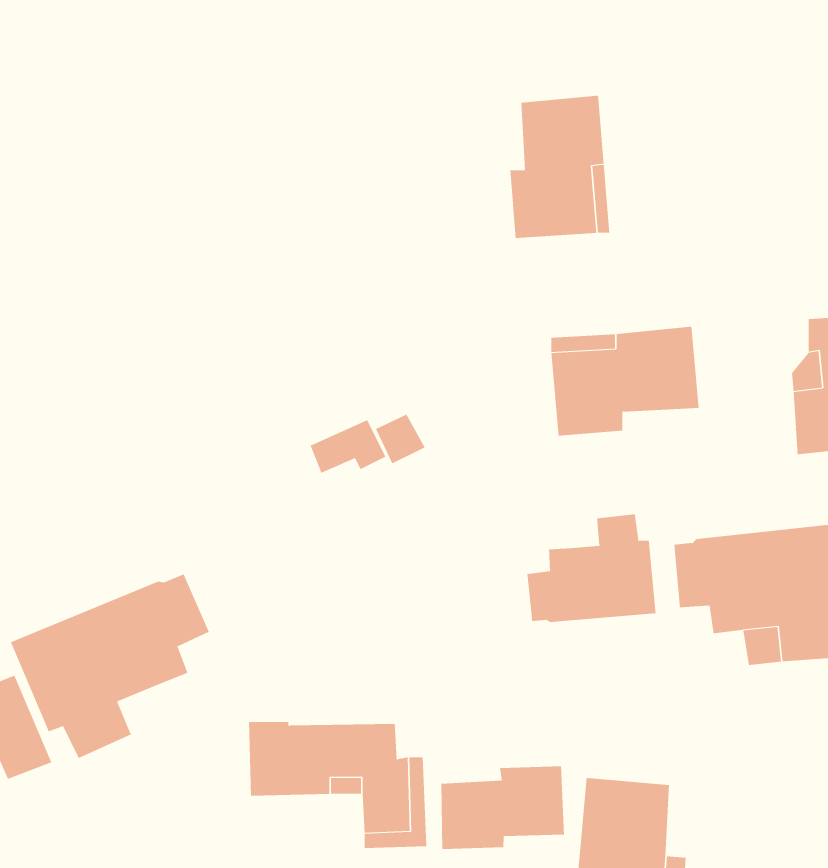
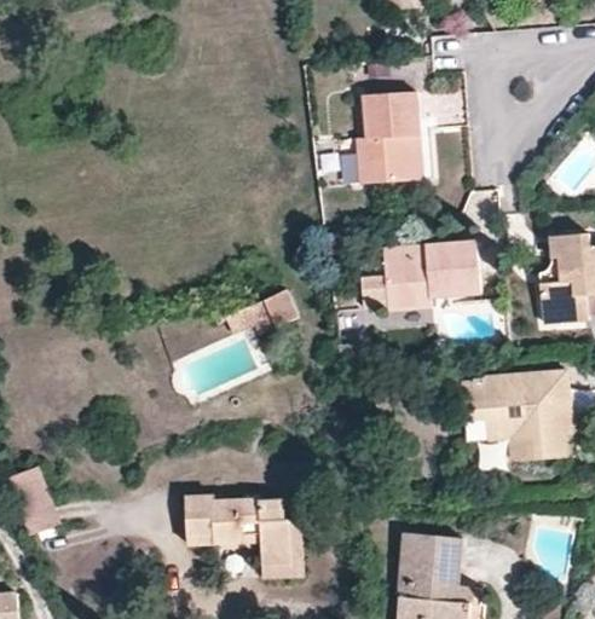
building: [527,513,656,623] -> none
building: [10,574,210,759] -> none
building: [441,766,565,850] -> none

